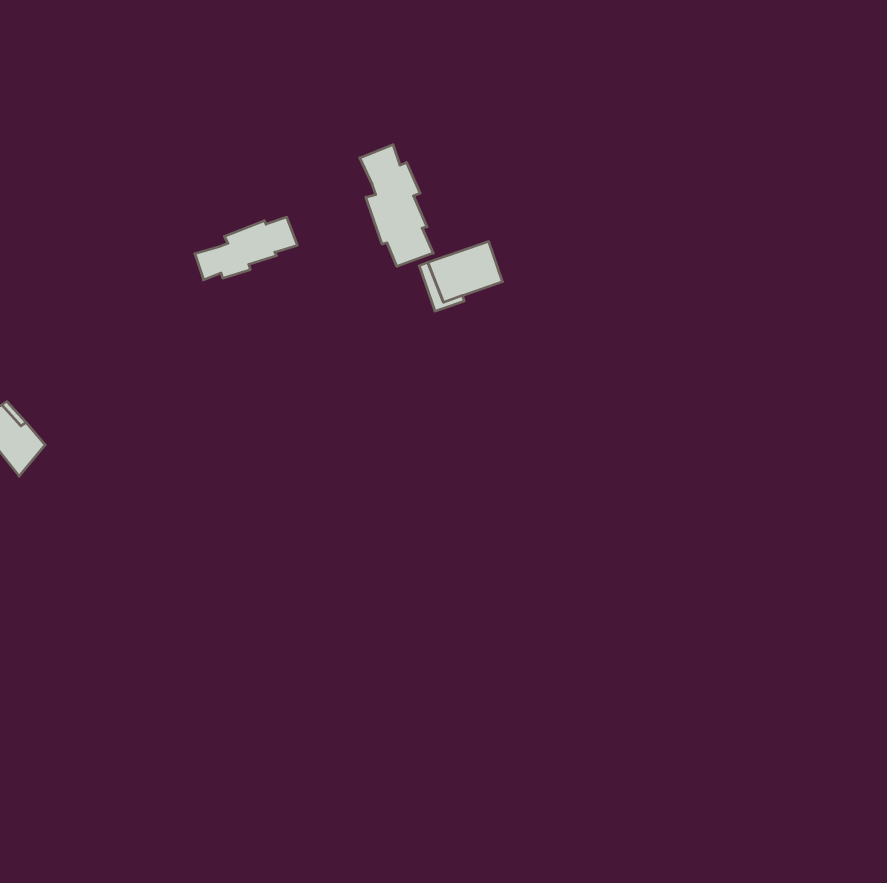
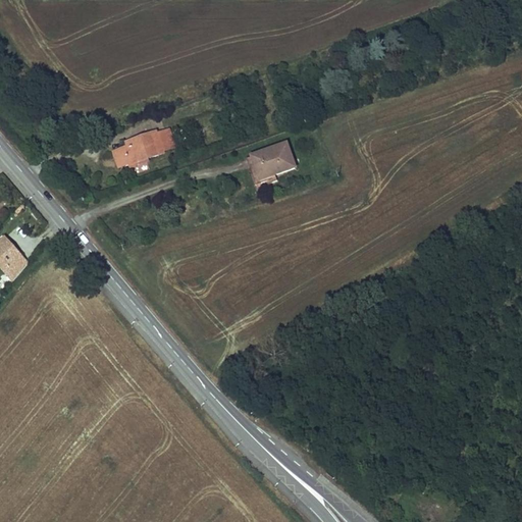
building: [360,145,433,266] -> none

